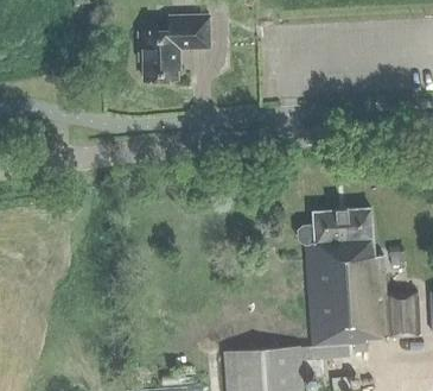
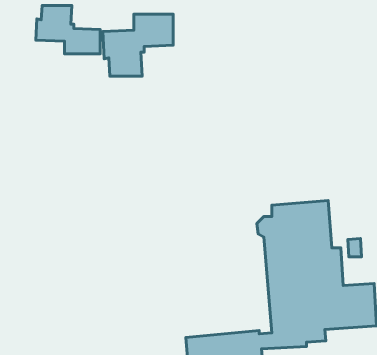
building: none -> [36,5,100,54]

